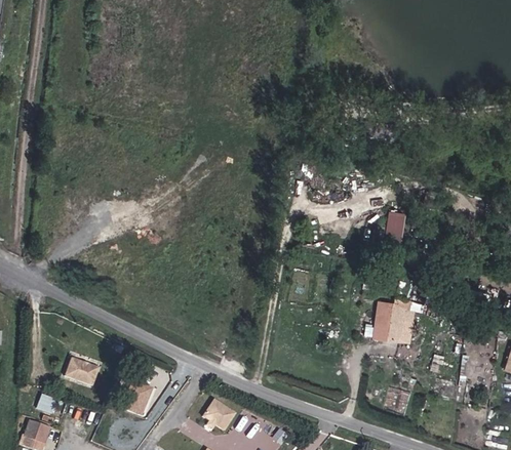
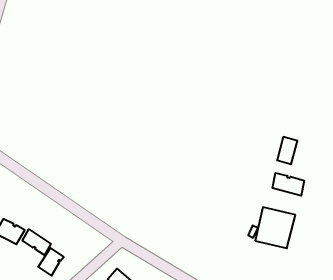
building: none -> [272,173,304,196]
building: none -> [22,229,51,255]

